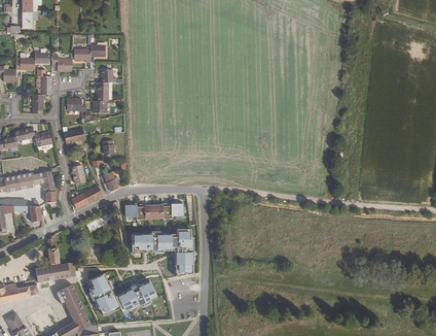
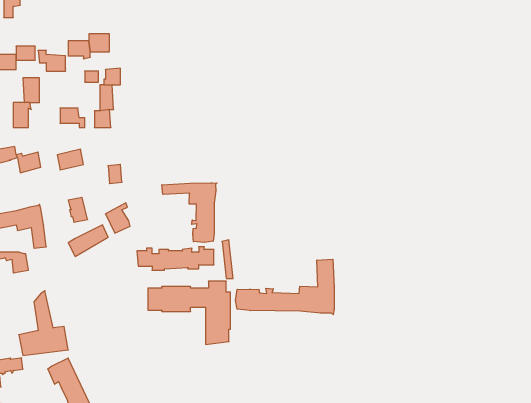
building: none -> [162,183,217,242]
building: none -> [236,259,334,315]
building: [89,271,157,313] -> none

